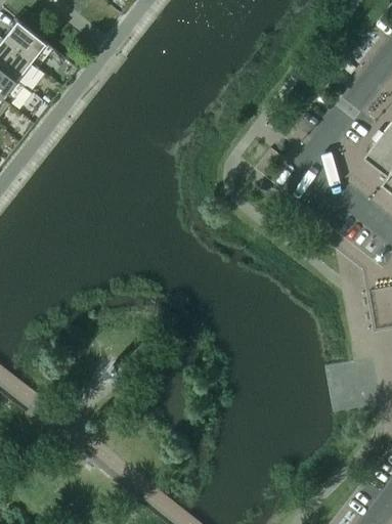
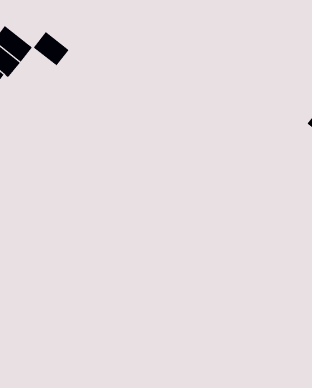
building: [7,23,51,64] -> [33,31,70,66]

